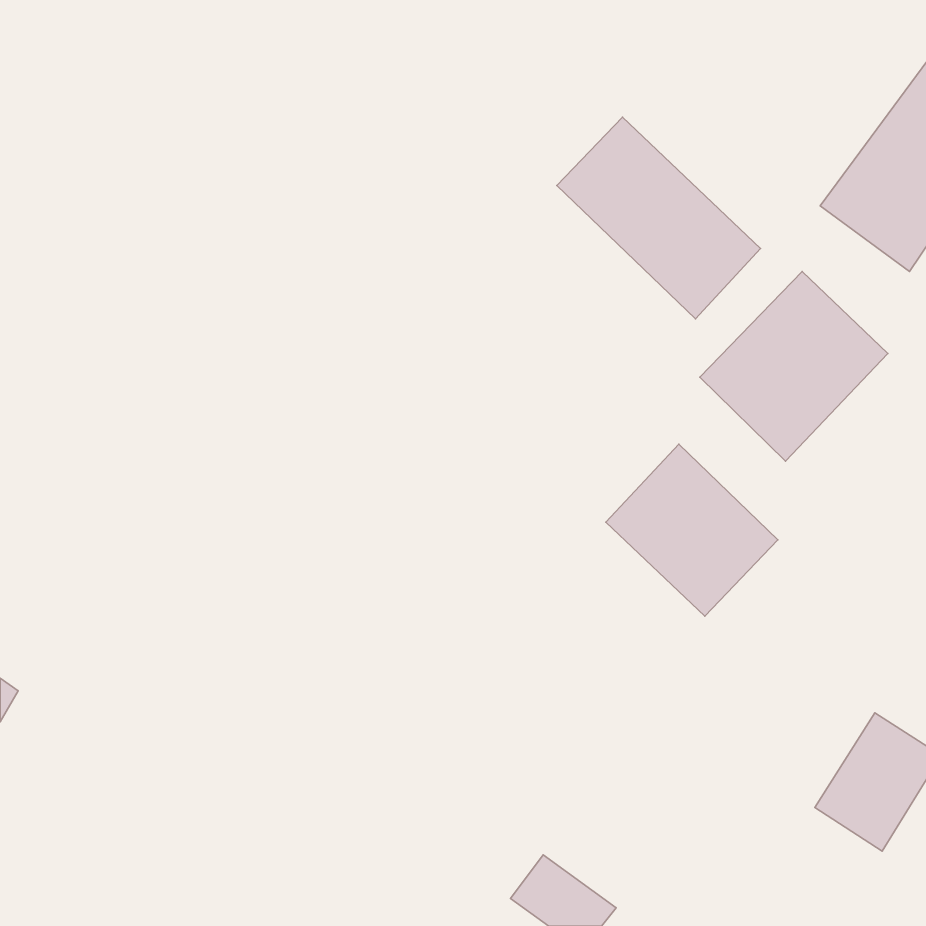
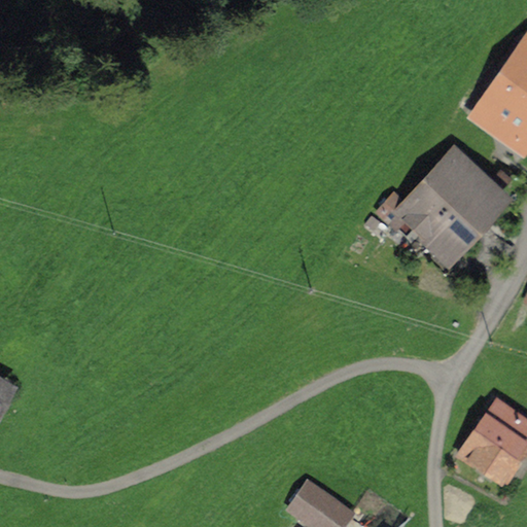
building: [557,117,760,319] -> none
building: [606,444,778,616] -> none

